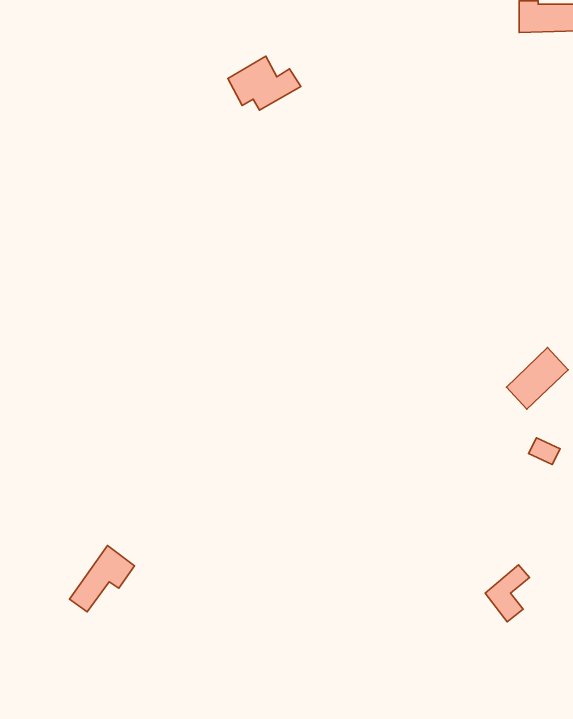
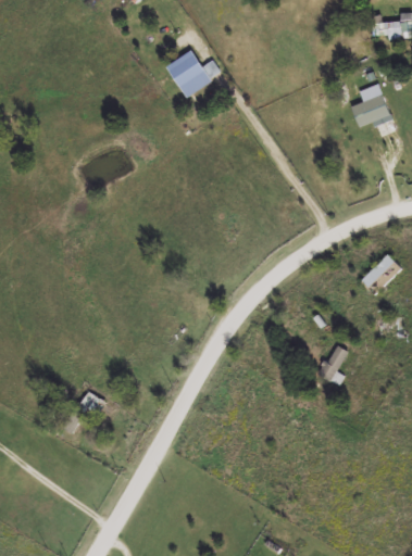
building: none -> [352,94,390,127]
building: [485,565,529,622] -> [319,348,349,387]

